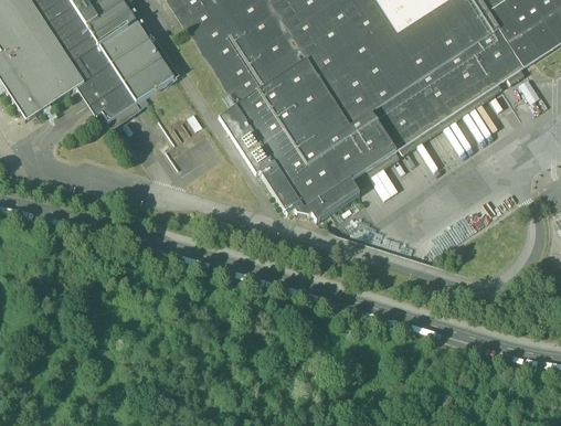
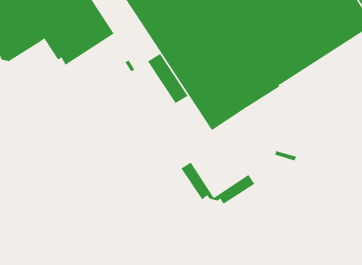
building: [260,161,360,219] -> [181,162,255,204]

